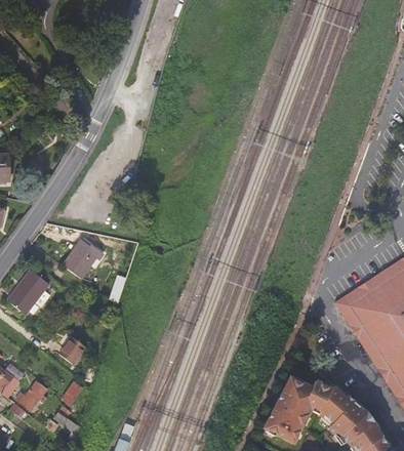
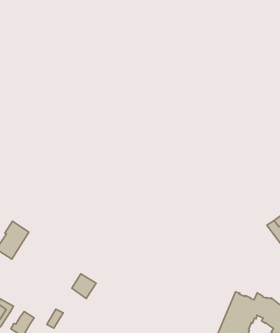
building: [57,241,91,276] -> none
building: [57,336,87,366] -> [72,274,96,298]

